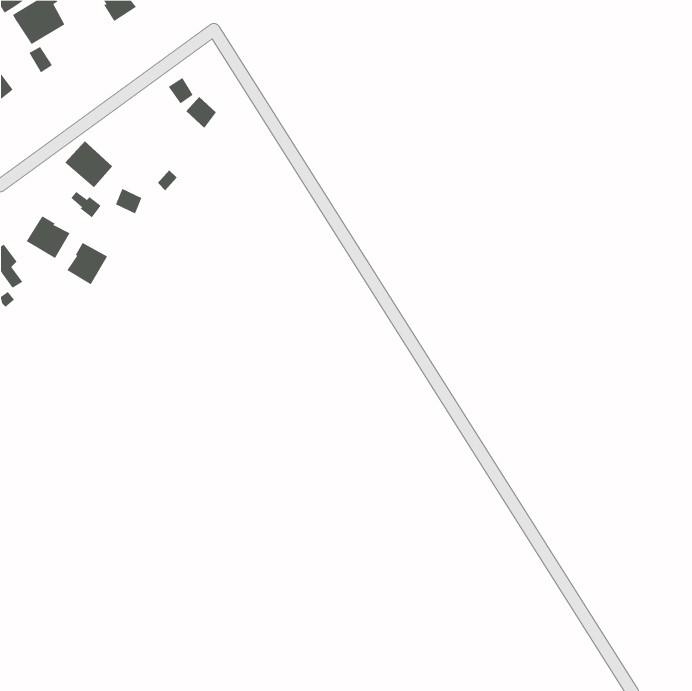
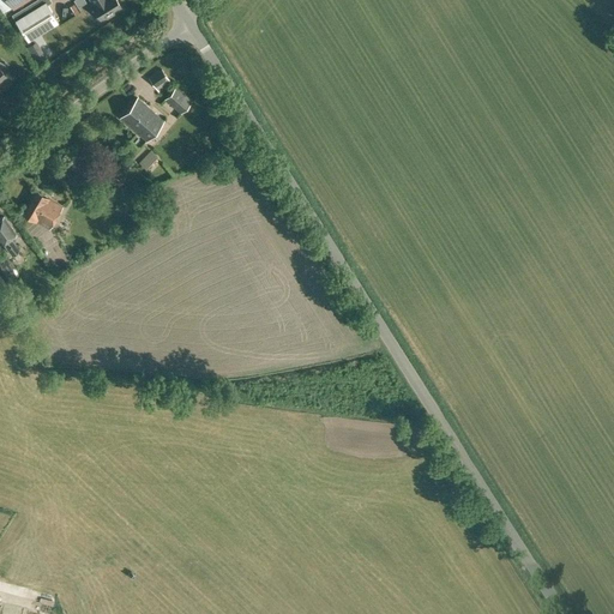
building: [64,141,113,188] -> [120,98,163,140]
building: [66,242,108,285] -> none

